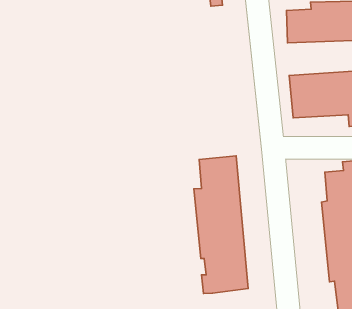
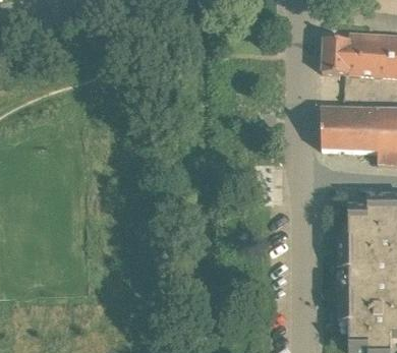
building: [194,156,248,294] -> none

